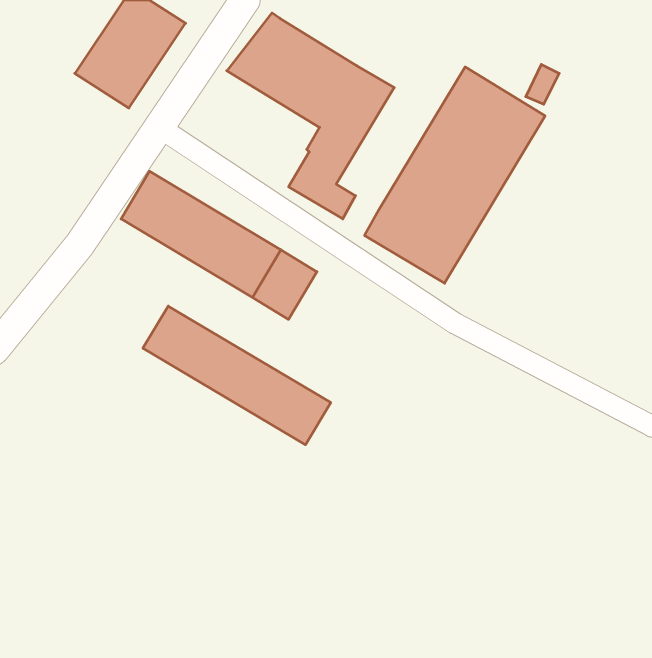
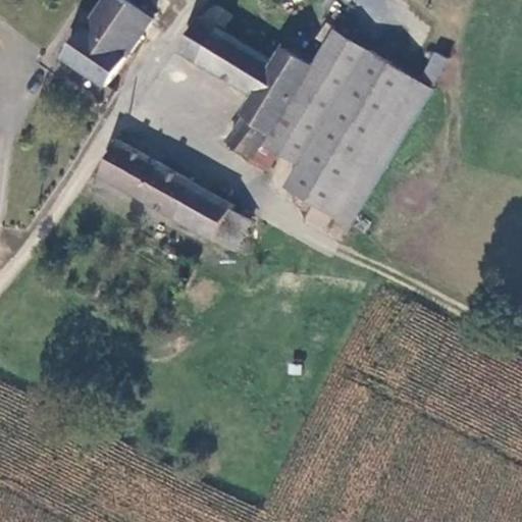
building: none -> [266,33,368,166]
building: [143,306,331,445] -> none

